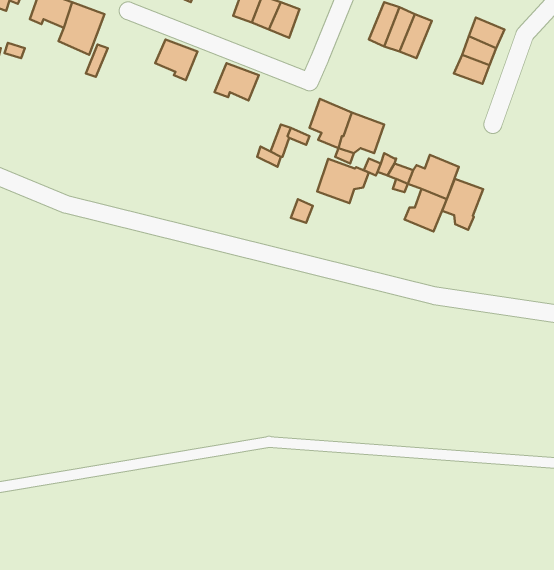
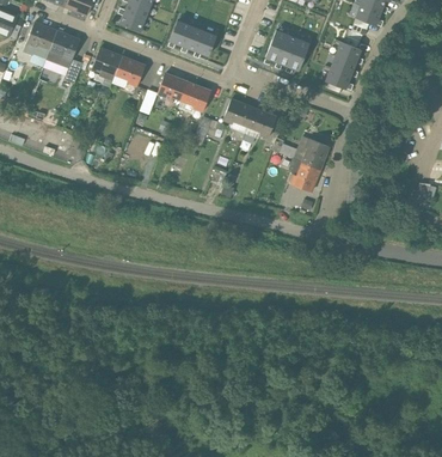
building: none -> [91,47,122,80]
building: none -> [178,81,210,112]
building: [317,159,369,203] -> none
building: [442,179,483,230] -> none

